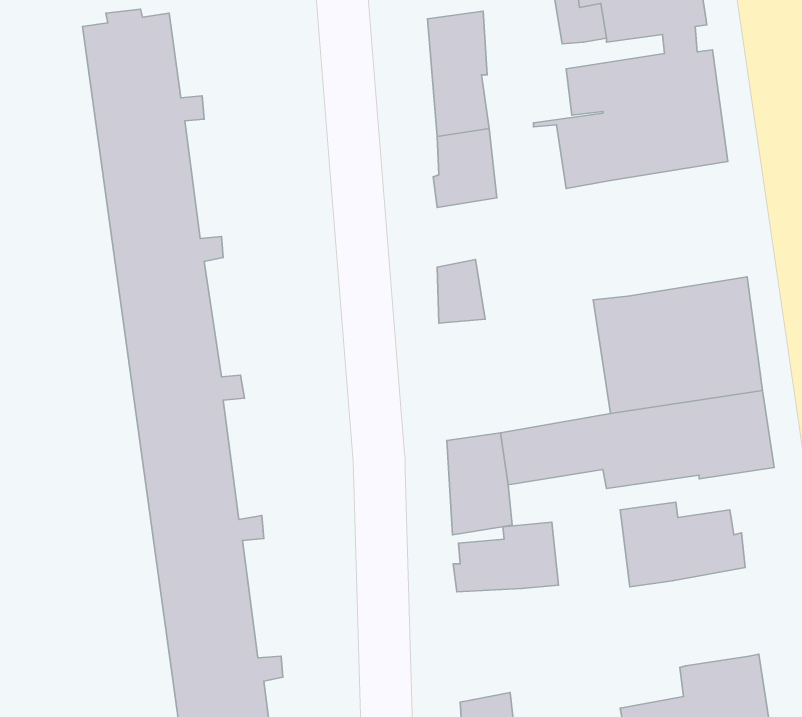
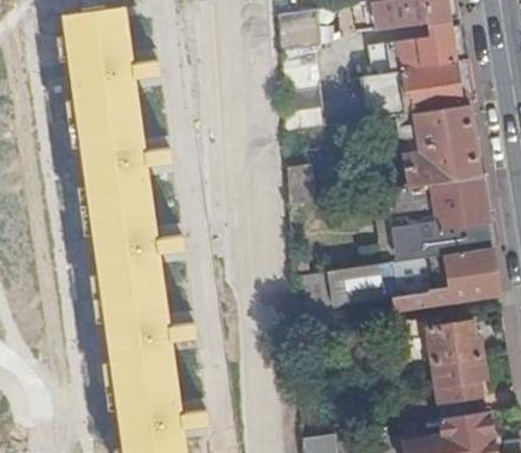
building: none -> [396,103,481,187]
building: [453,522,559,592] -> none
building: none -> [435,357,484,418]

